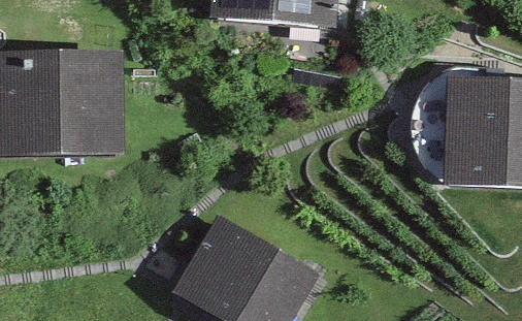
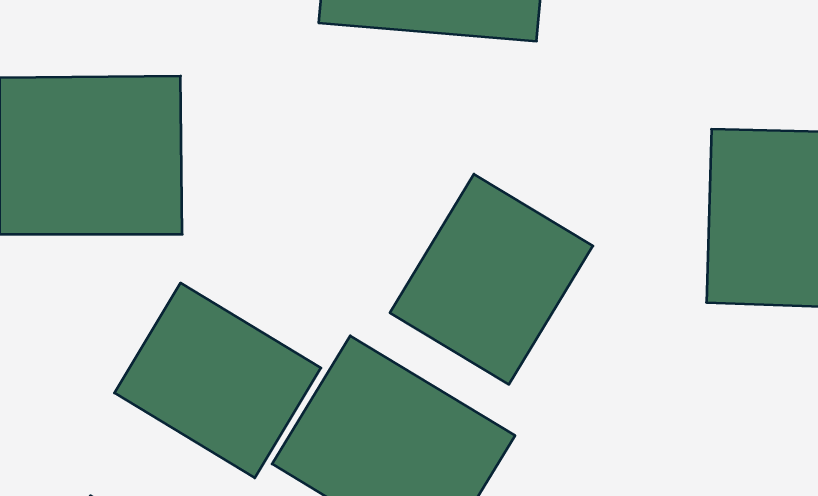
building: none -> [390,174,593,384]
building: none -> [114,283,321,478]

